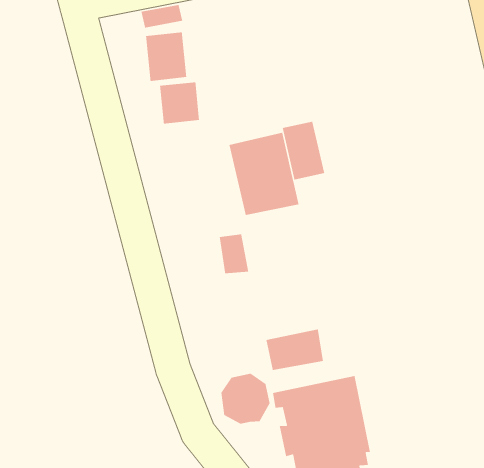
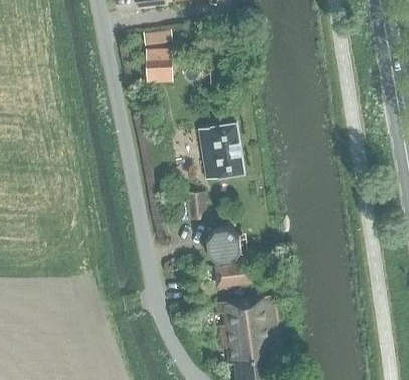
building: [159,82,200,124] -> none
building: [282,121,325,180] -> none
building: [220,373,271,425] -> [206,228,240,263]

